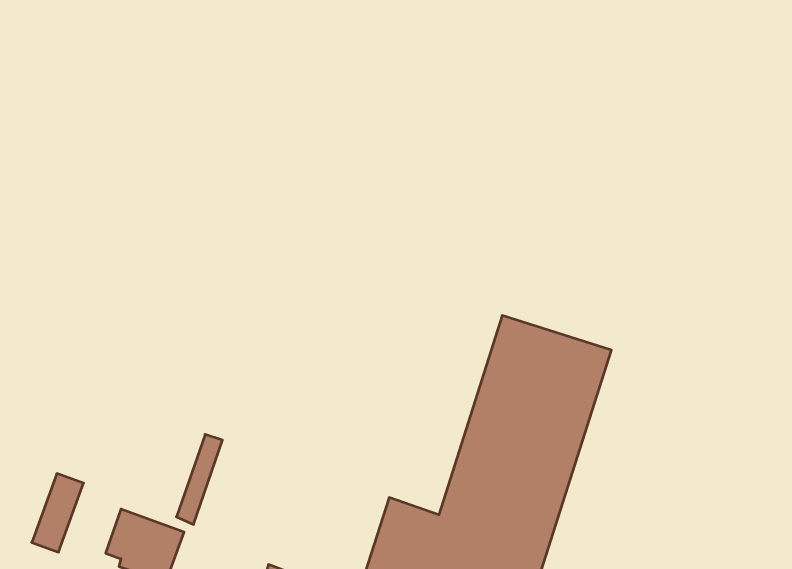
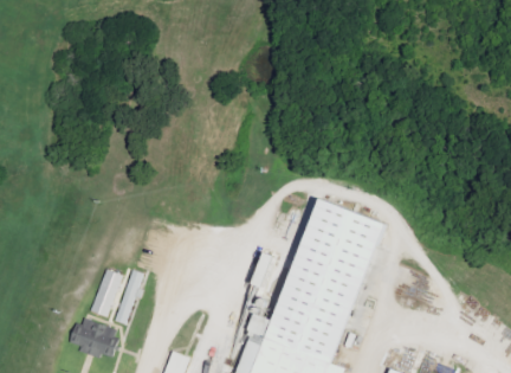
building: [32,474,84,552] -> [91,270,123,319]

